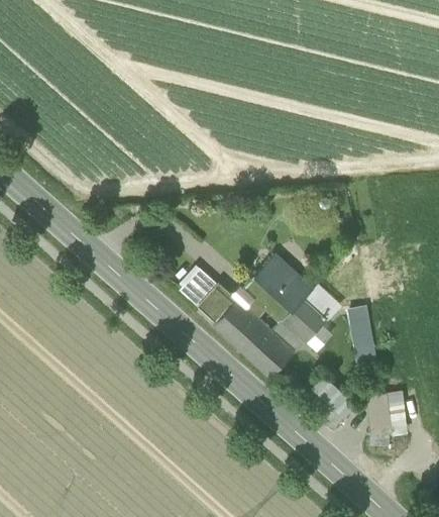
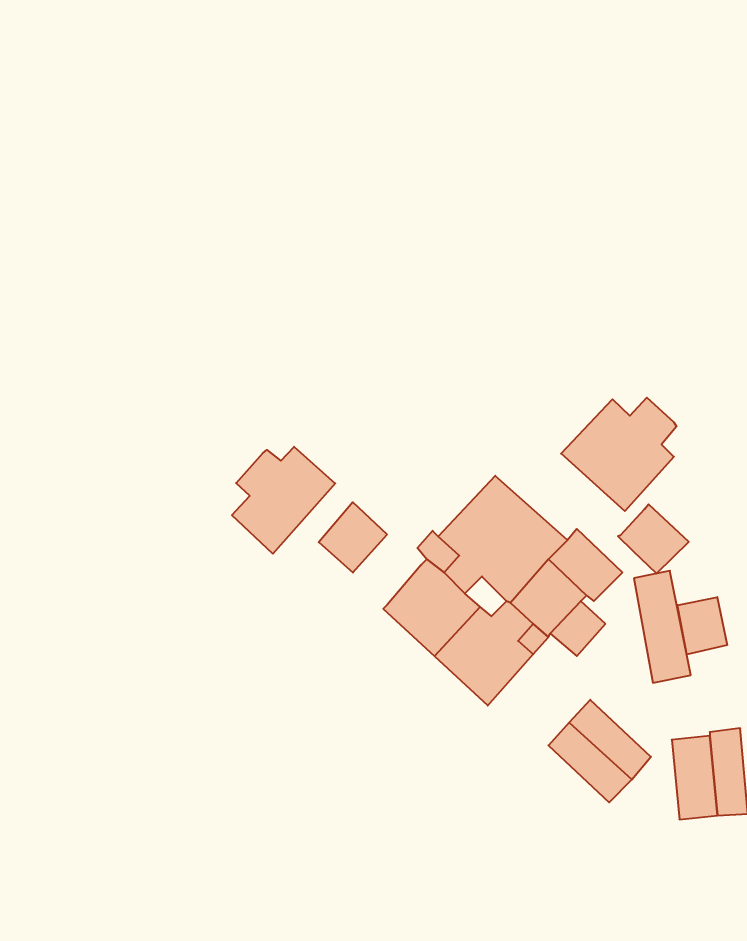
building: none -> [561,398,677,511]
building: none -> [232,447,335,554]
building: none -> [618,504,689,574]
building: [198,286,234,323] -> none
building: none -> [678,597,727,655]

